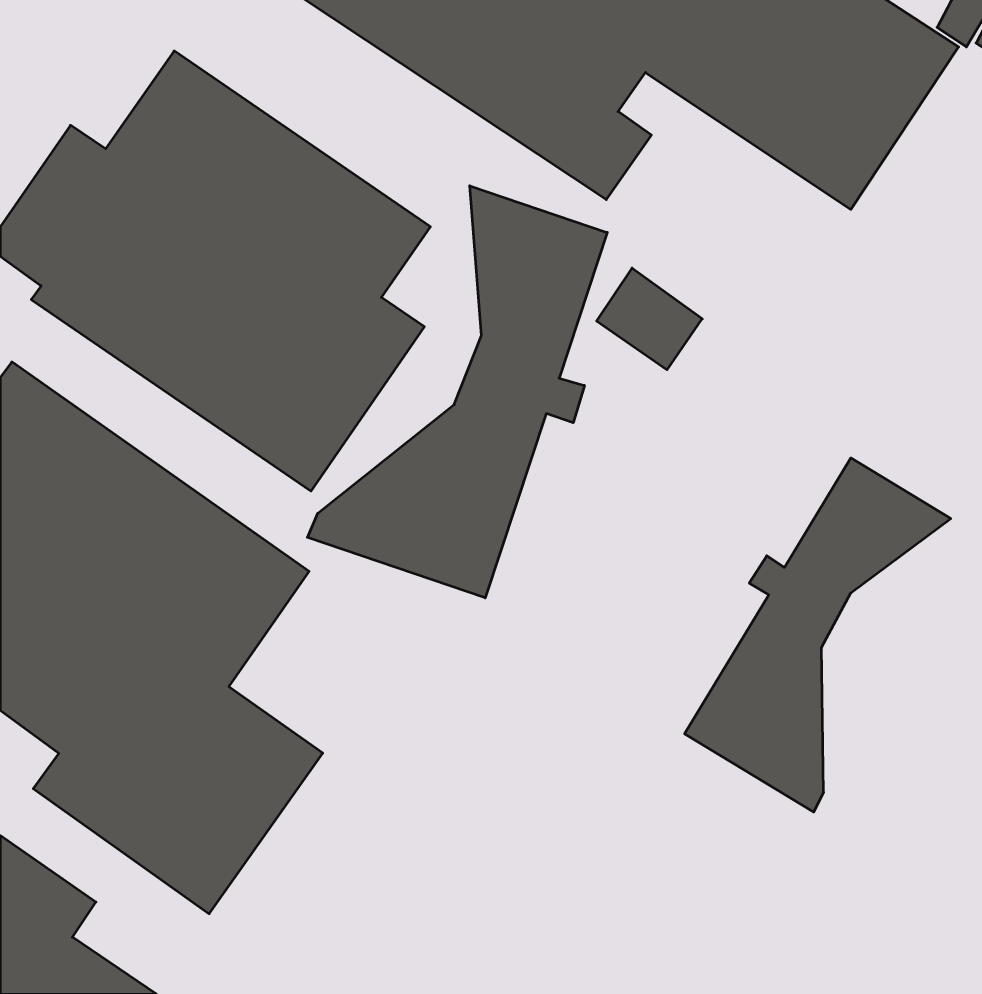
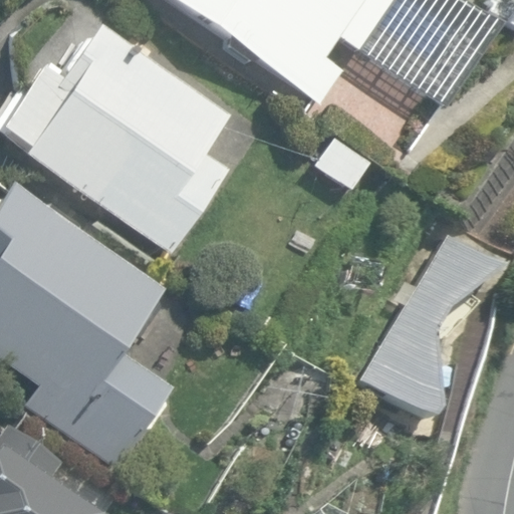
building: [307,186,607,598] -> none

